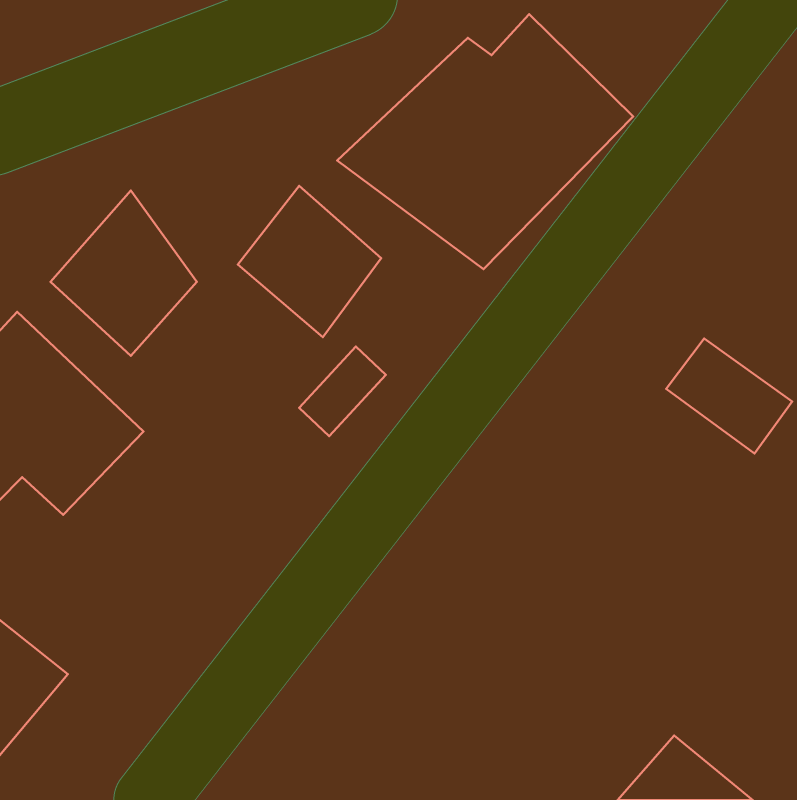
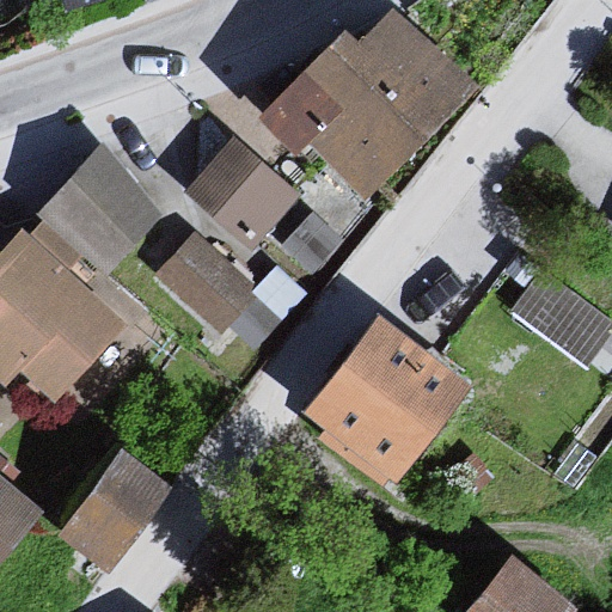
building: none -> [148,214,253,318]
building: none -> [306,323,457,479]
building: none -> [65,455,171,573]

